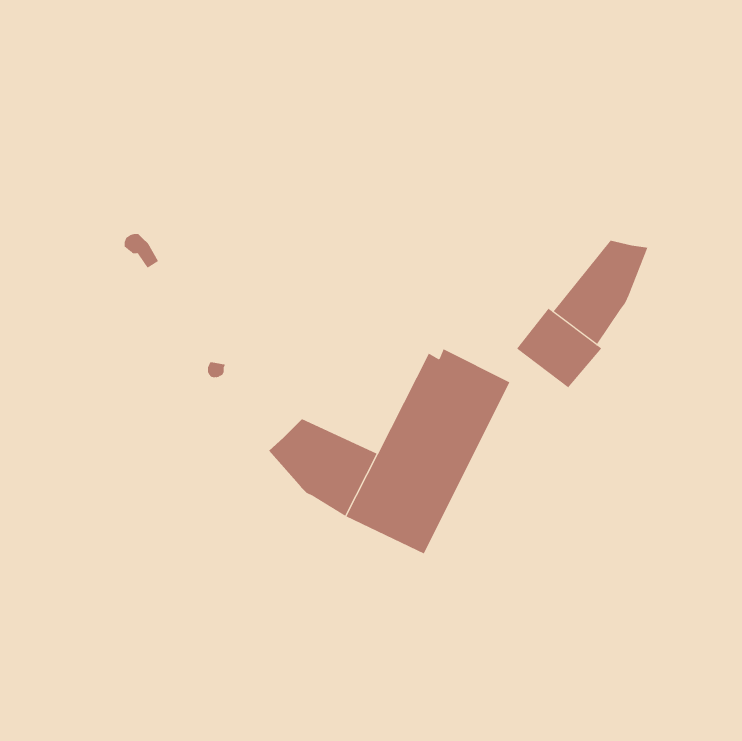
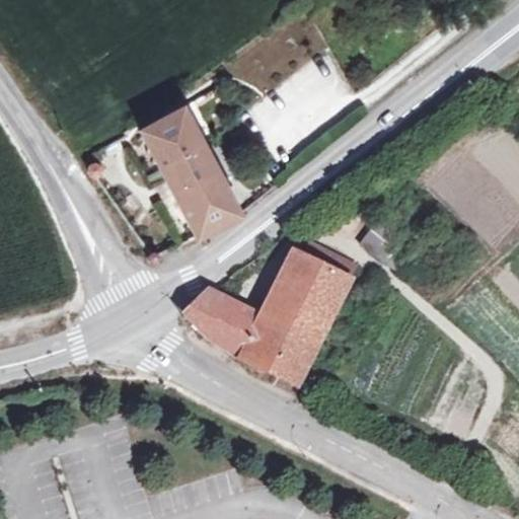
building: none -> [140,103,239,235]
building: [553,240,648,345] -> none

